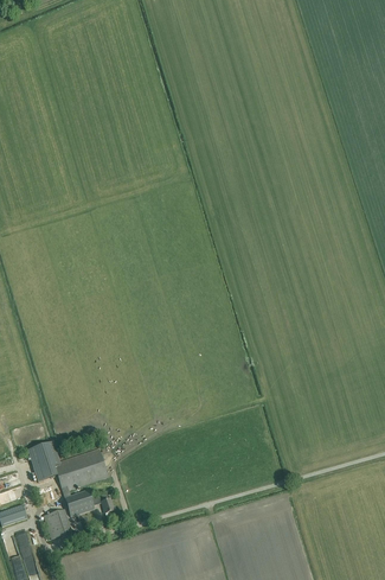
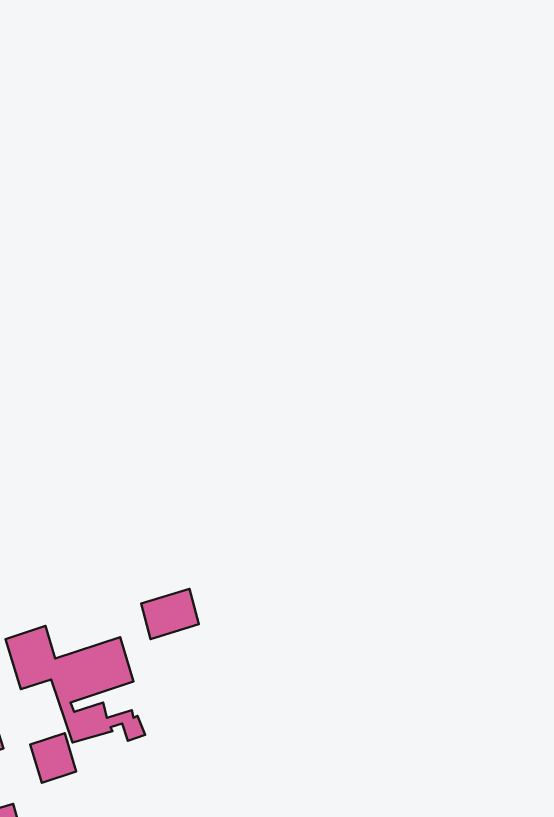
building: none -> [141,589,199,639]

